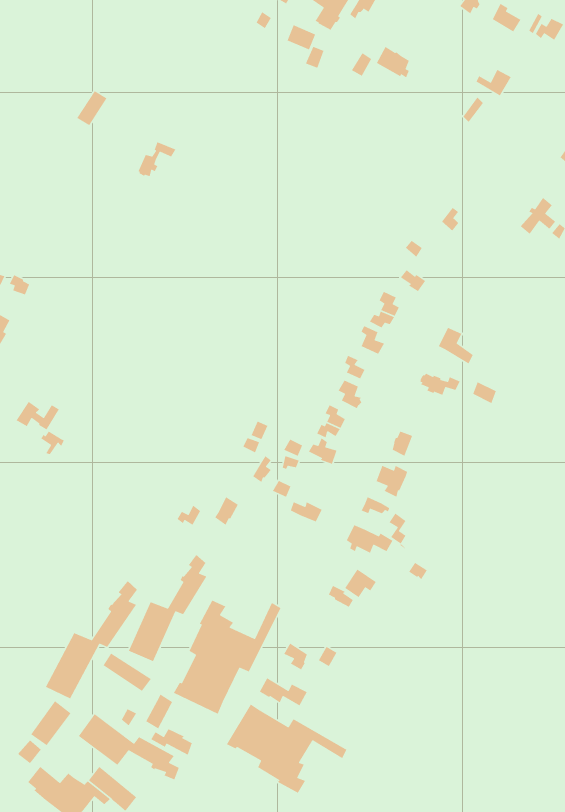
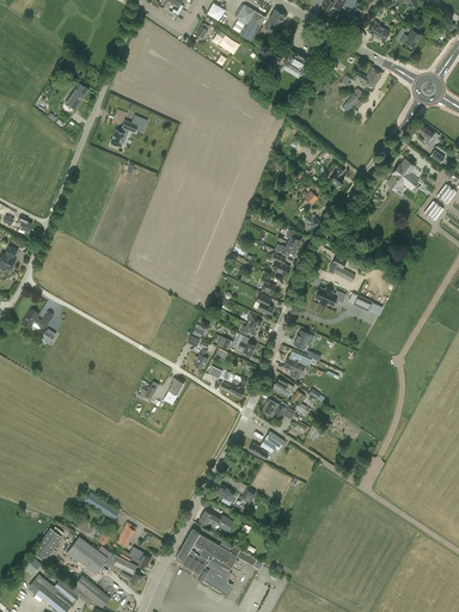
building: [128,554,207,662] -> none
building: [45,580,138,699] -> none
building: [173,600,282,715] -> none

